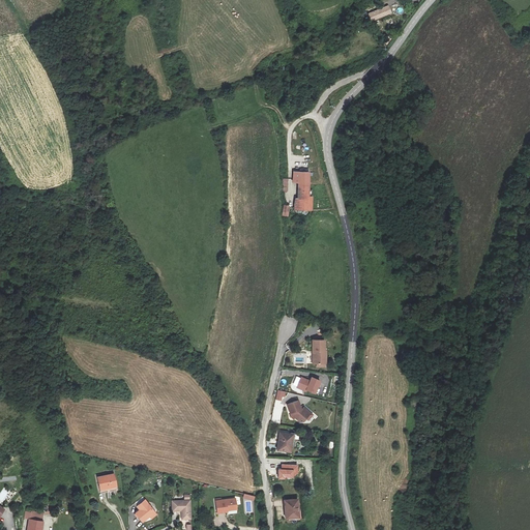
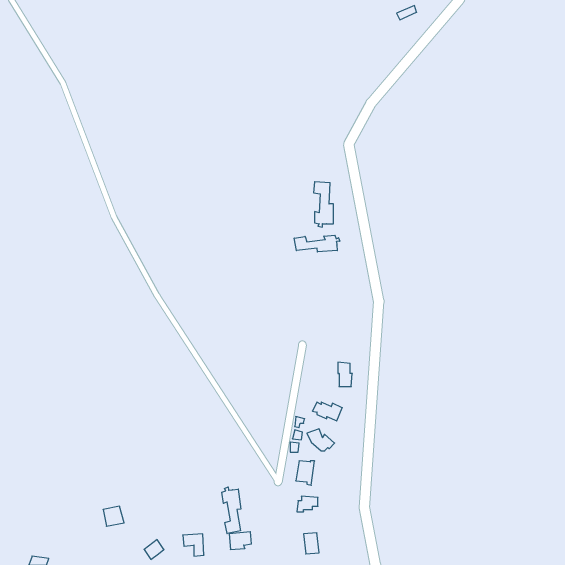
building: none -> [294,235,340,252]
building: none -> [222,487,241,534]

